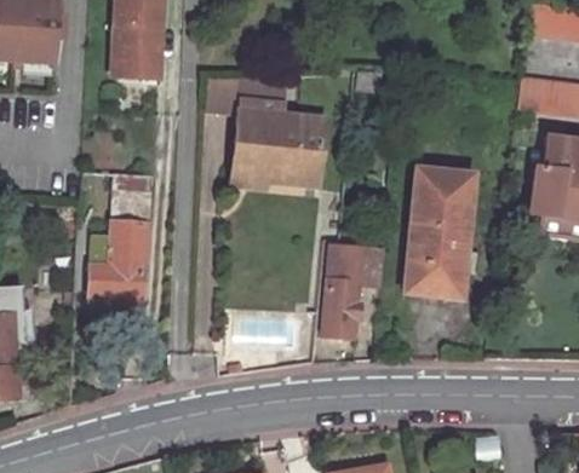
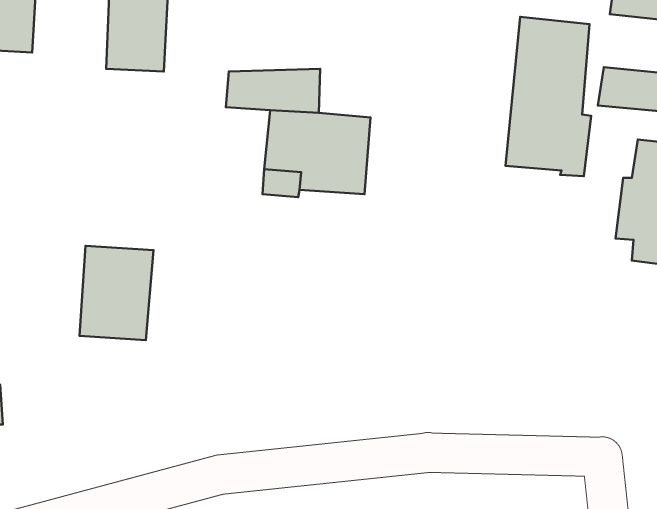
building: [406,169,476,300] -> [505,17,591,176]
building: [321,252,388,339] -> none

